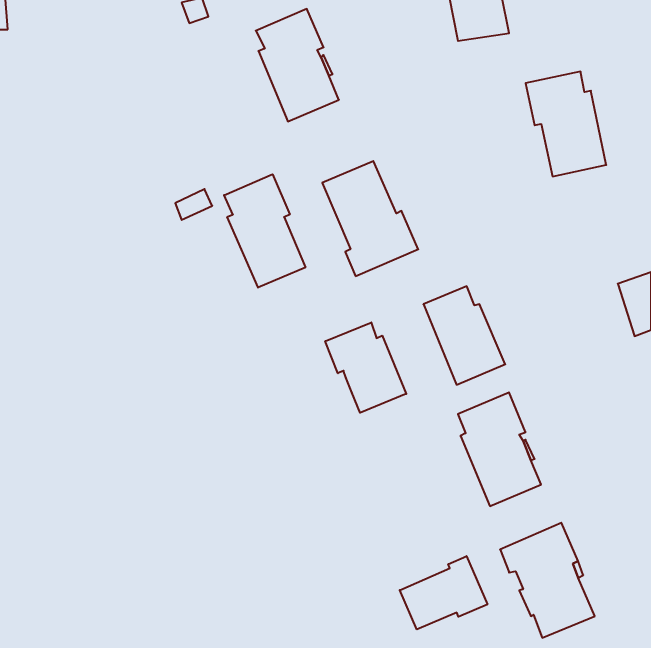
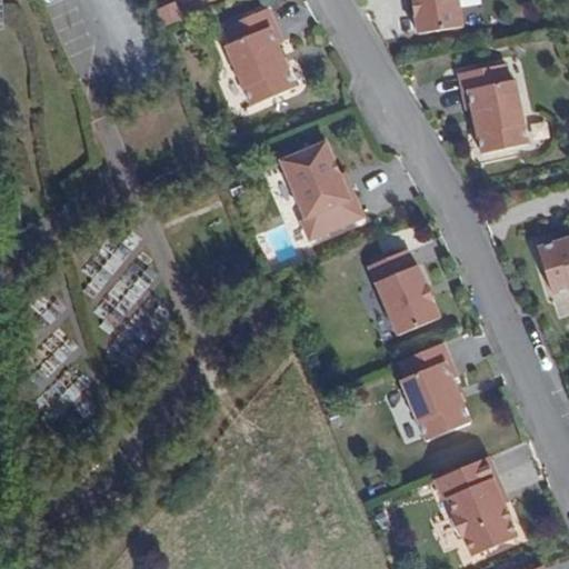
building: [224,174,305,288] -> none
building: [325,322,406,413] -> none
building: [400,556,487,629] -> none

